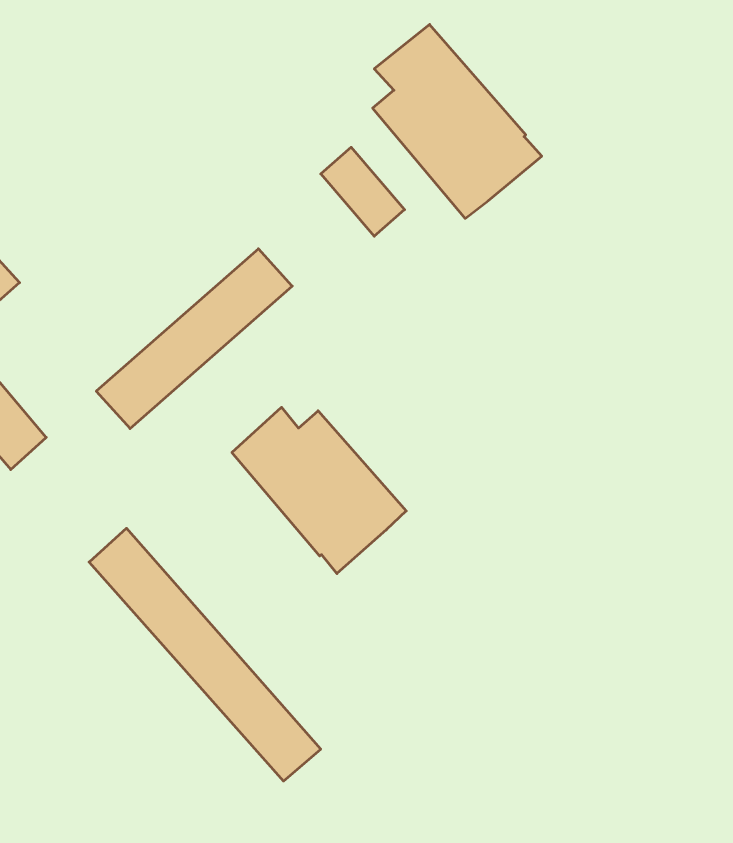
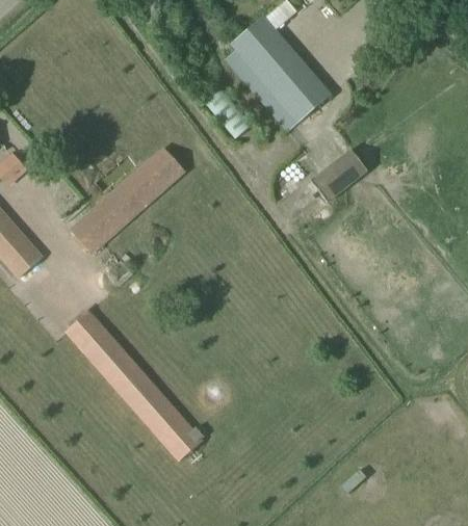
building: none -> [309,148,366,202]
building: [232,407,406,574] -> none

